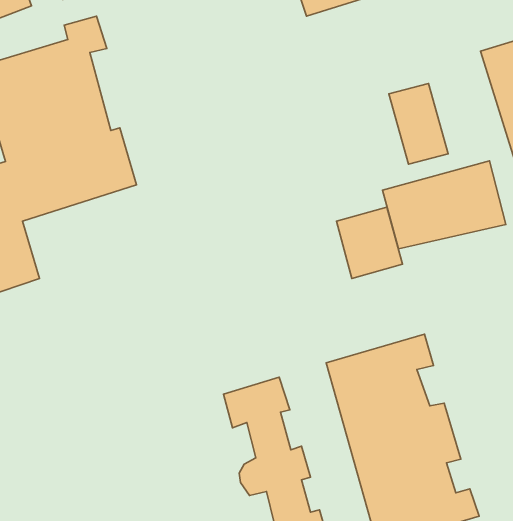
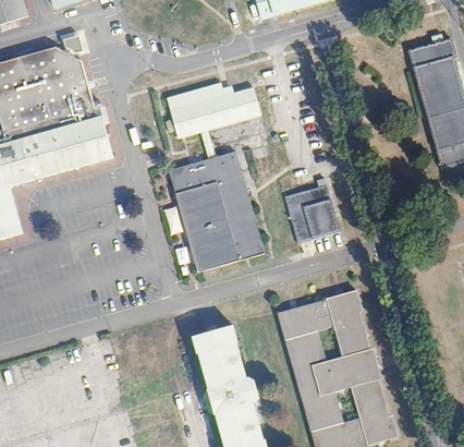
building: [389,83,448,164] -> none
building: none -> [167,80,266,270]
building: [382,161,506,249] -> none

